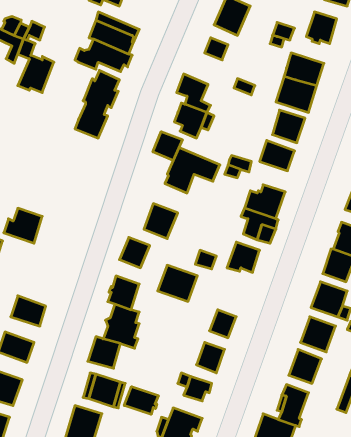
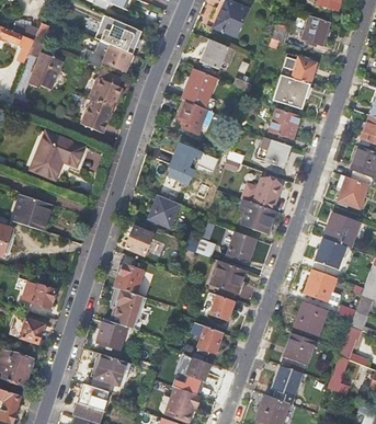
building: [153,132,182,161] -> none
building: none -> [31,133,83,180]
building: [158,265,197,301] -> [208,260,246,294]
building: [124,387,158,414] -> none

